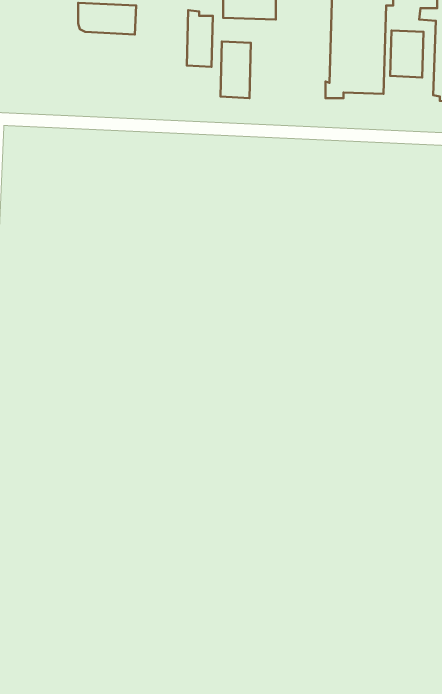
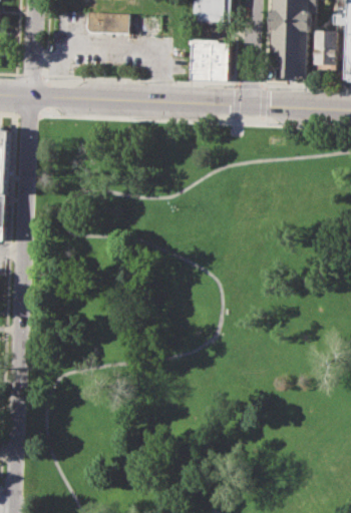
building: [187,10,213,67] -> [210,39,229,80]

